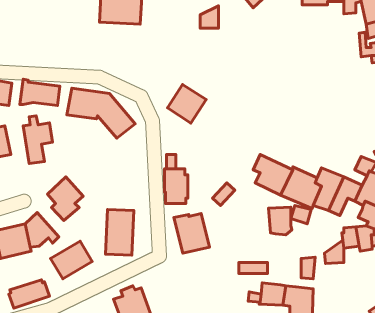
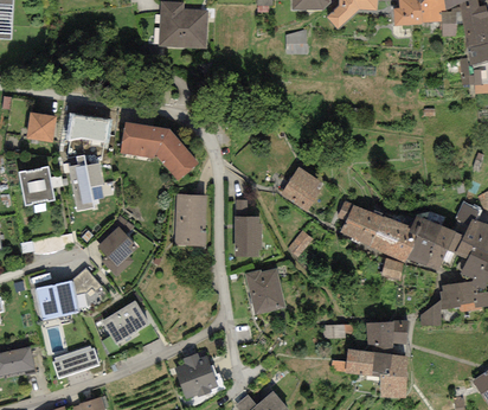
building: [167,84,206,123] -> [280,166,325,211]
building: [268,207,292,235] -> [366,321,393,353]
building: [105,209,134,255] -> [174,193,207,246]

